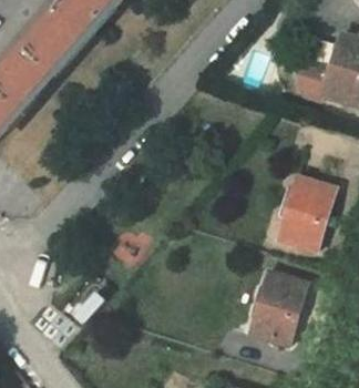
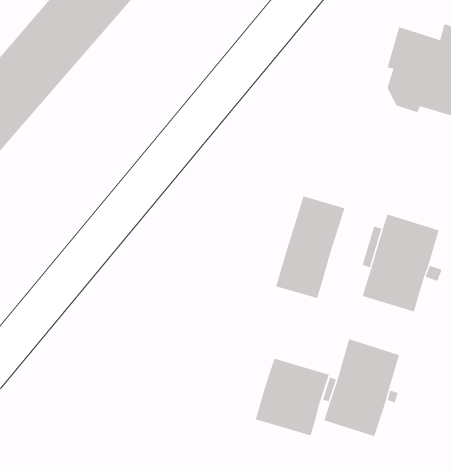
building: none -> [276,196,345,299]
building: none -> [255,358,330,436]

